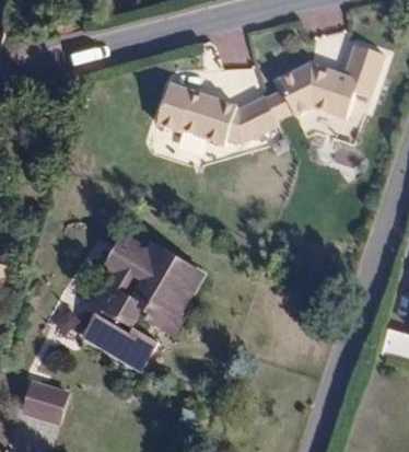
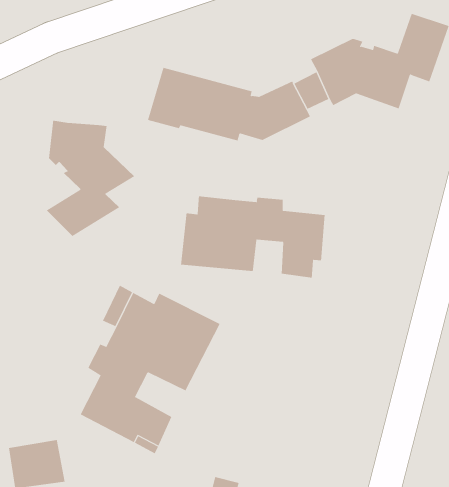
building: none -> [46,120,135,237]
building: none -> [181,196,325,279]

